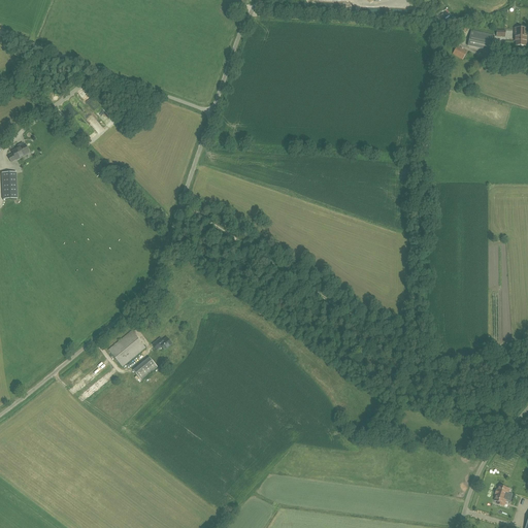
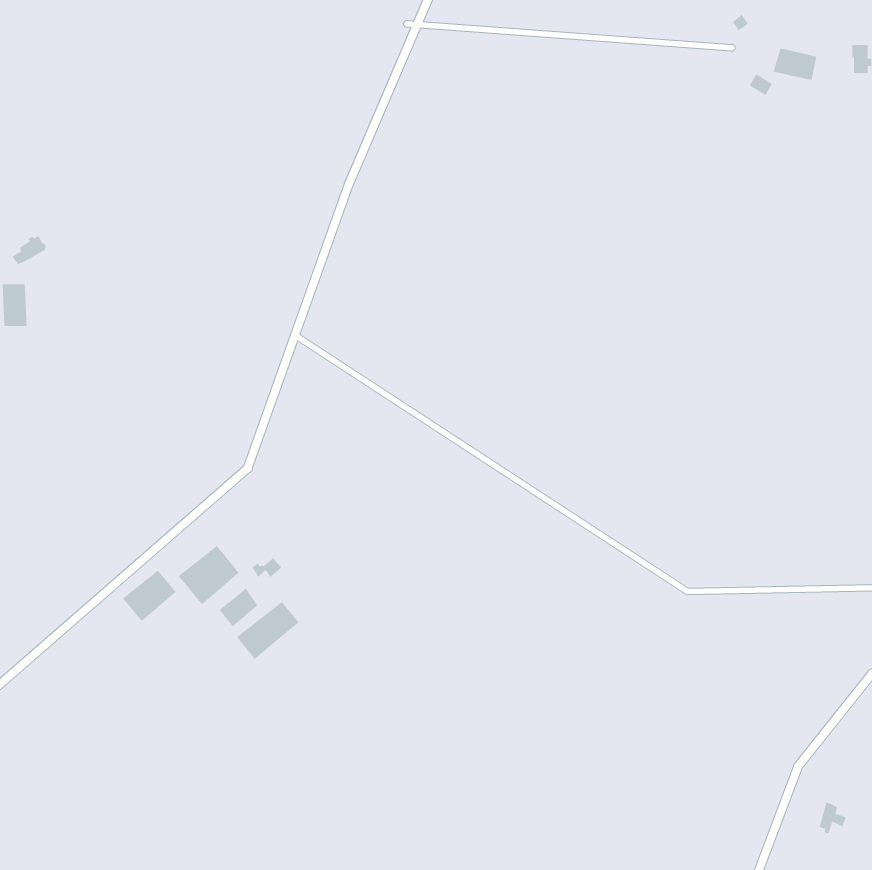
building: none -> [122,570,177,622]
building: none -> [236,601,299,660]

